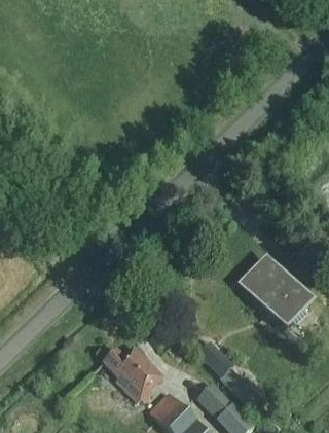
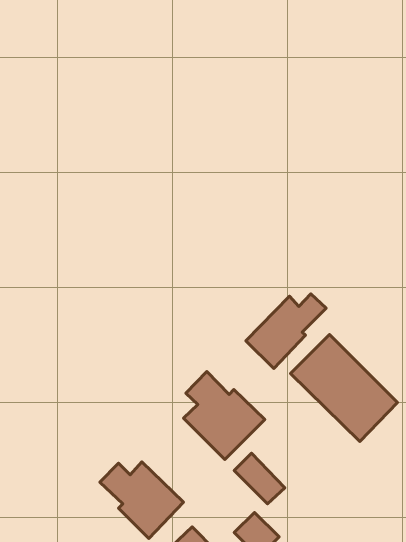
building: none -> [246,294,326,369]
building: none -> [183,372,265,459]

